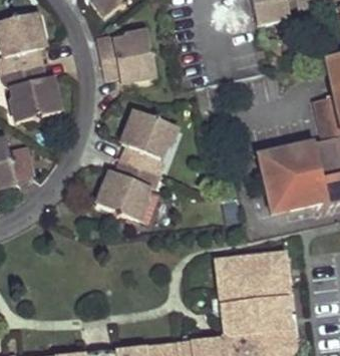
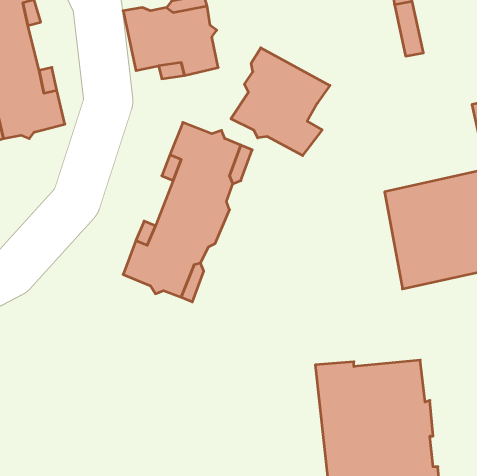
building: none -> [231,48,330,156]

